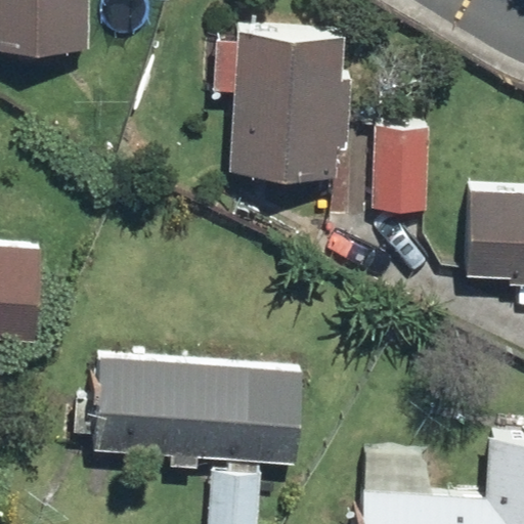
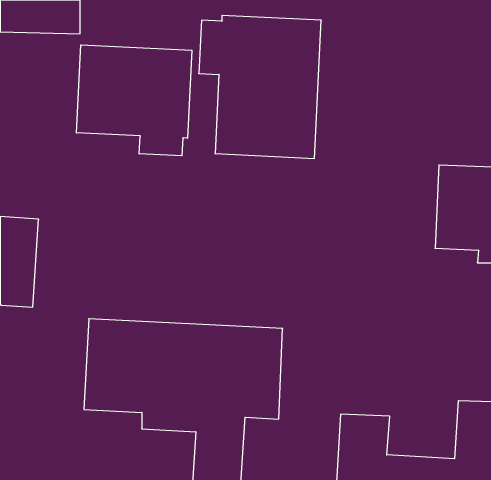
building: none -> [77,45,192,156]
building: [369,124,438,219] -> none

